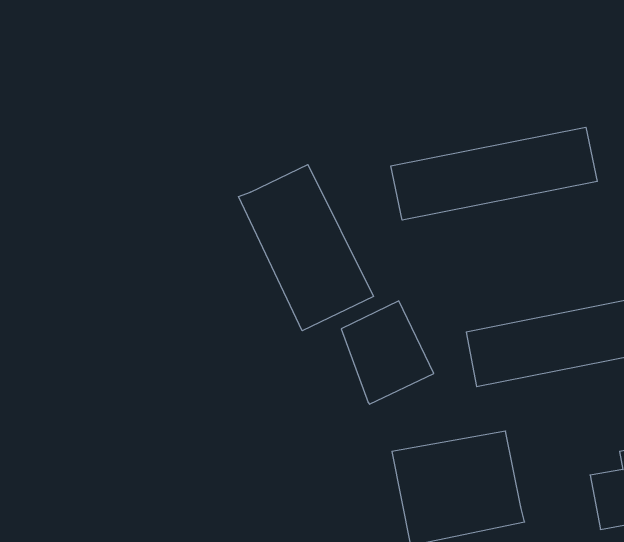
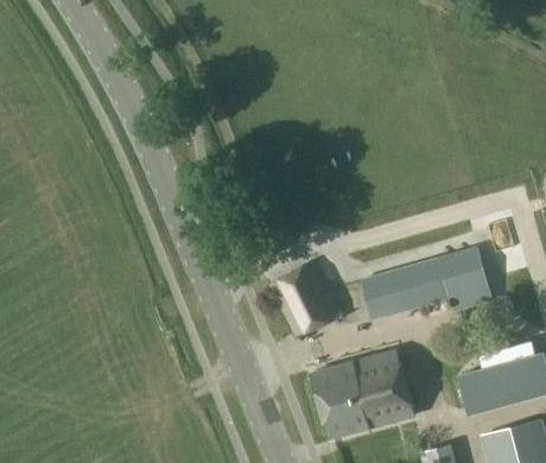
building: [391,127,597,220] -> none
building: [239,165,373,331] -> none

